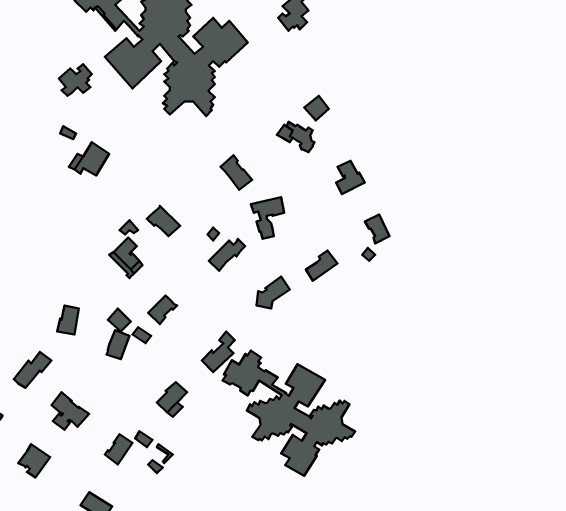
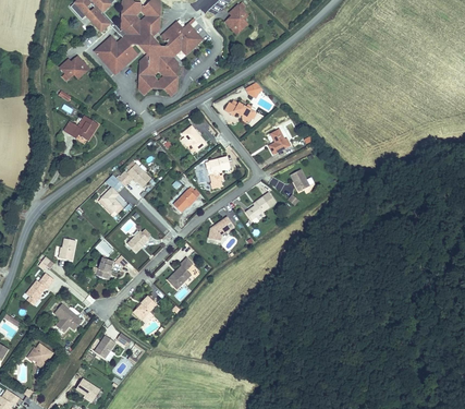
building: [223,350,355,476] -> none

